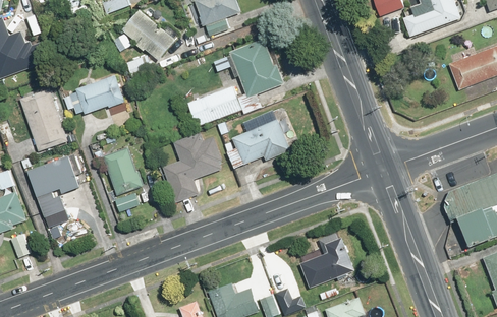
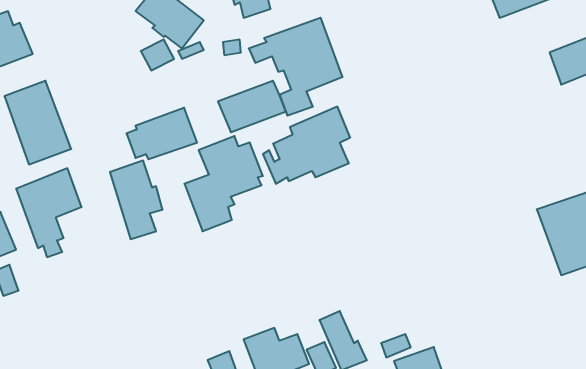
building: [67,74,123,115] -> [126,108,197,159]
building: [298,232,354,288] -> none

